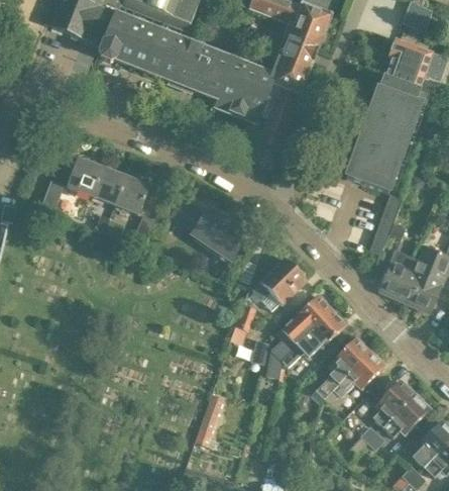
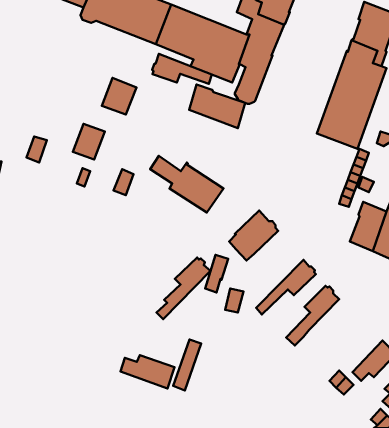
building: none -> [152,54,212,84]
building: none -> [189,85,245,128]
building: [67,158,102,196] -> none
building: [113,175,149,213] -> [102,78,137,114]
building: [275,295,332,360] -> [157,258,211,319]
building: [332,351,384,398] -> none
building: [373,380,415,427] -> none
building: none -> [120,355,175,388]

